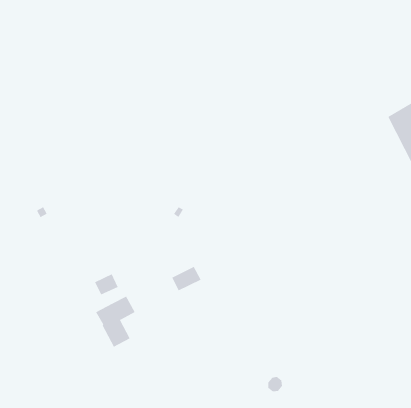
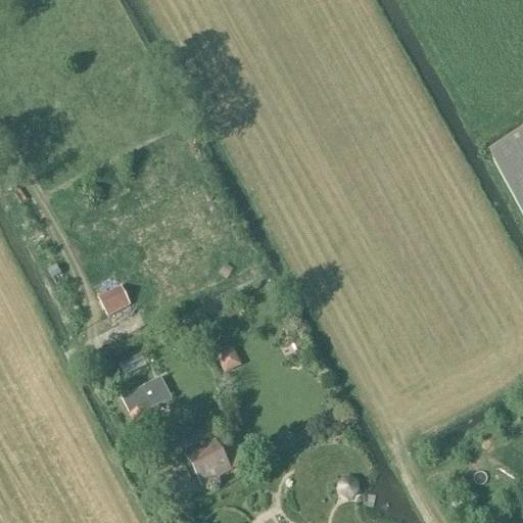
building: none -> [98,283,132,316]
building: none -> [185,435,246,482]

